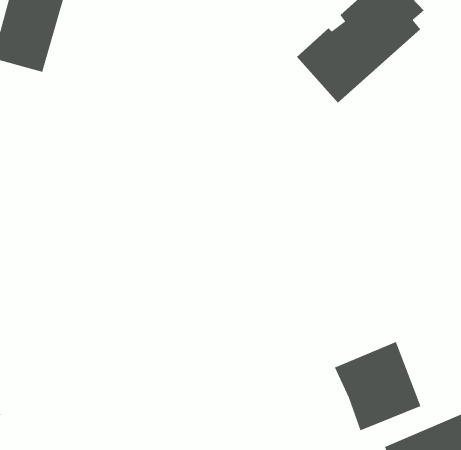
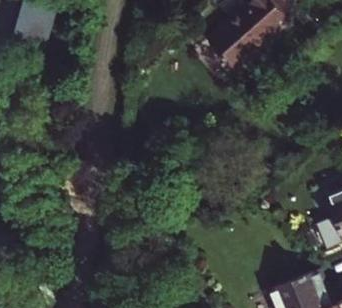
building: [334,341,421,431] -> none

